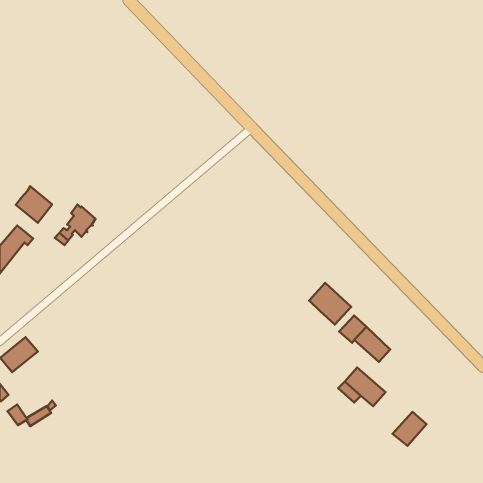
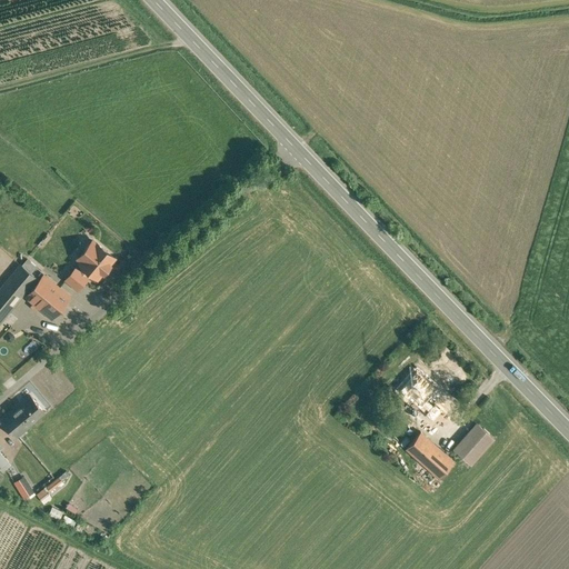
building: [16,186,52,223] -> [26,276,68,319]
building: [309,283,351,324] -> none
building: [392,412,427,446] -> [452,425,492,465]

